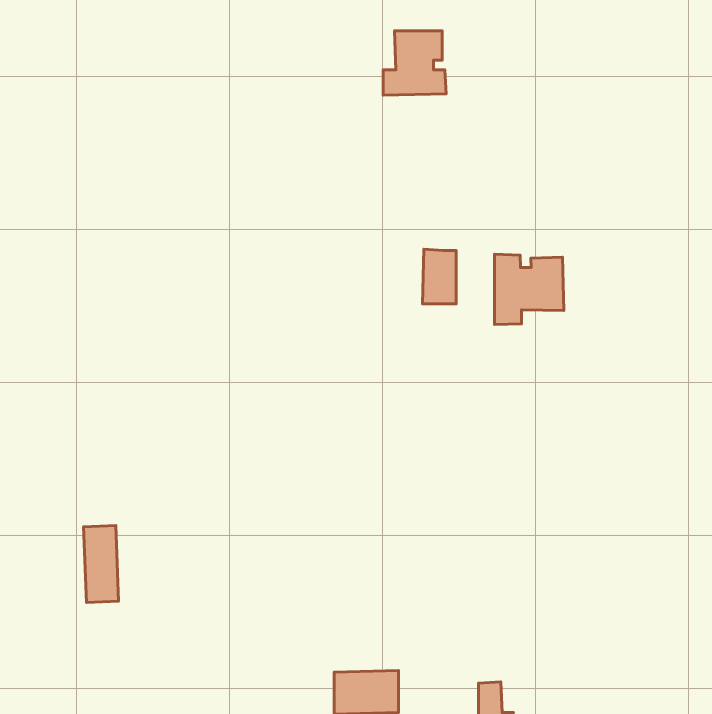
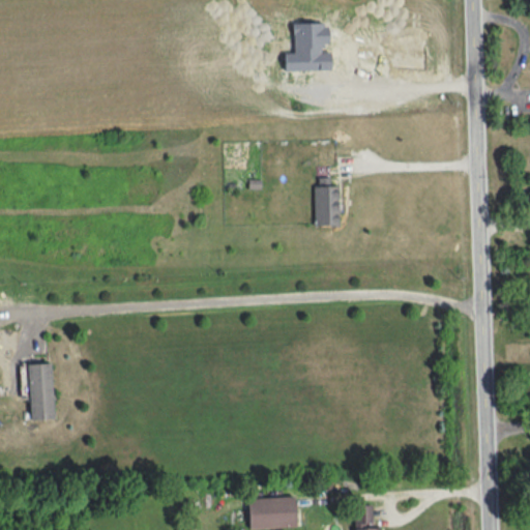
building: [494,254,564,324] -> none
building: [84,525,119,602] -> [29,363,55,420]

